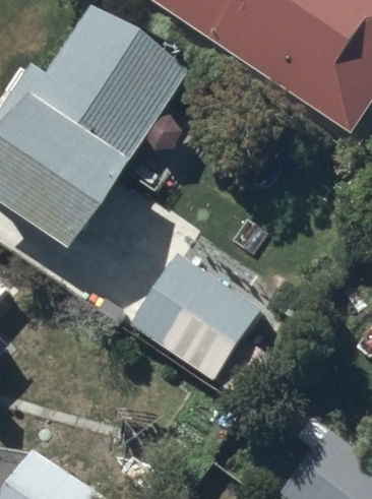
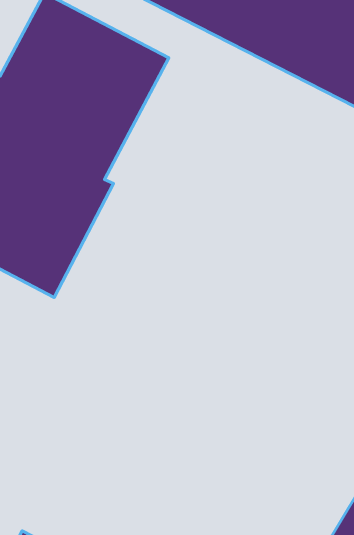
building: [136,254,275,392] -> none

